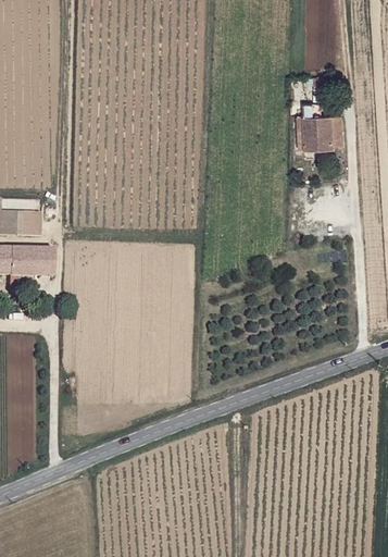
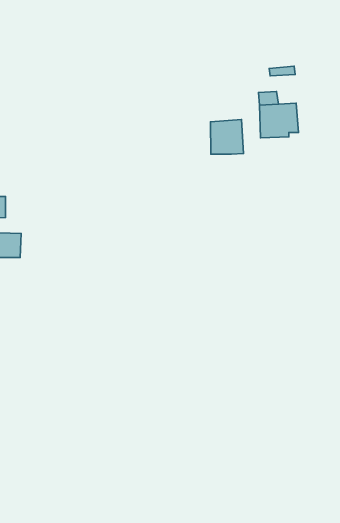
building: none -> [210,120,244,154]

